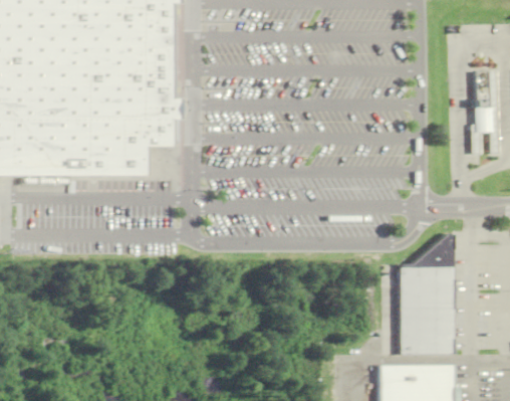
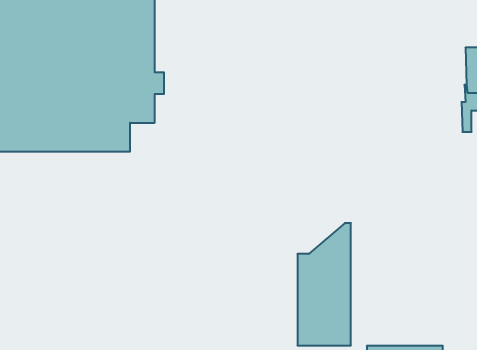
building: [400,233,452,353] -> [297,223,351,345]

